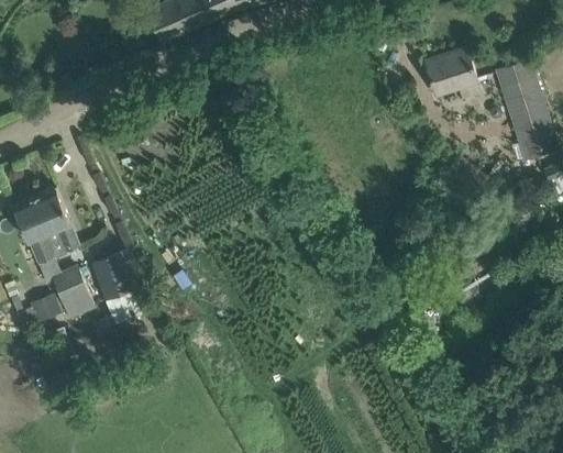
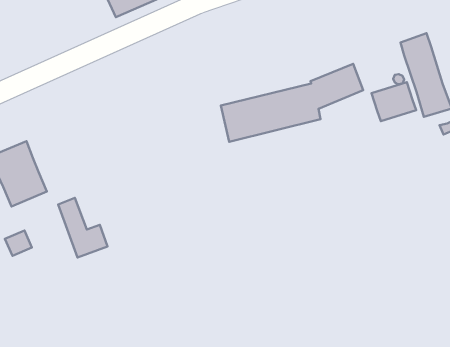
building: [423,48,476,95] -> [371,82,416,121]
building: none -> [221,64,363,142]
building: [51,264,93,319] -> none

